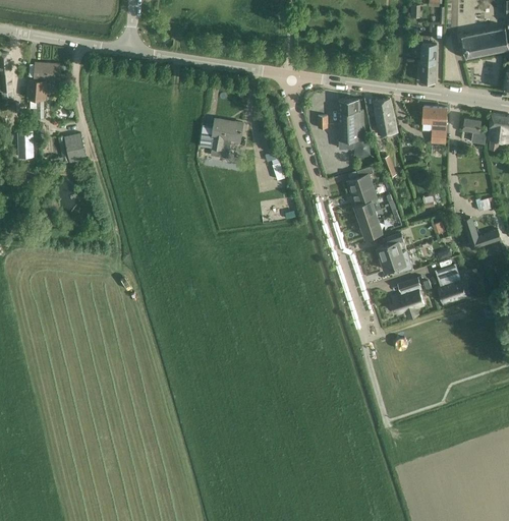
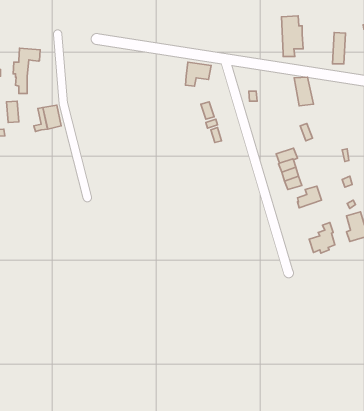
building: [338,99,364,149] -> [282,16,303,56]
building: [422,107,448,143] -> none
building: [212,119,243,149] -> [185,62,211,86]
building: [347,166,374,193] -> none
building: [380,250,412,274] -> none

